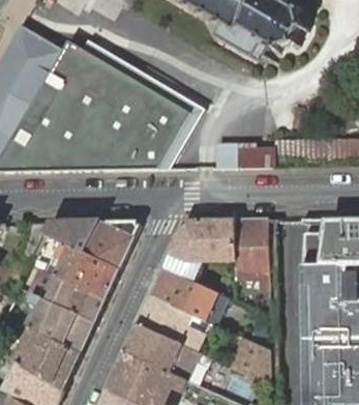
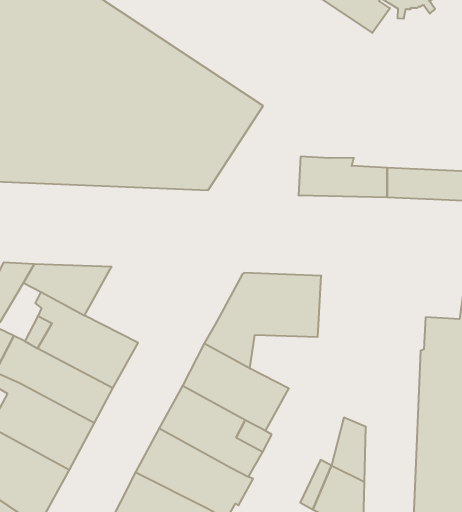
building: [236,216,270,276] -> none
building: [86,220,141,267] -> none

